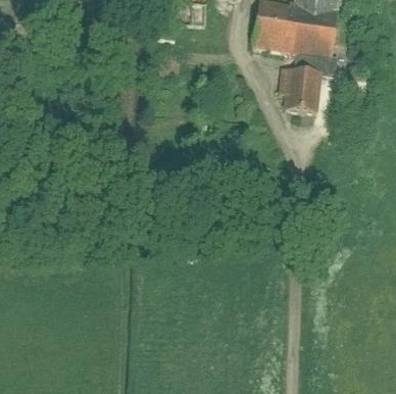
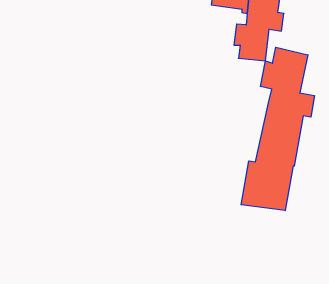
building: none -> [241,47,314,211]

